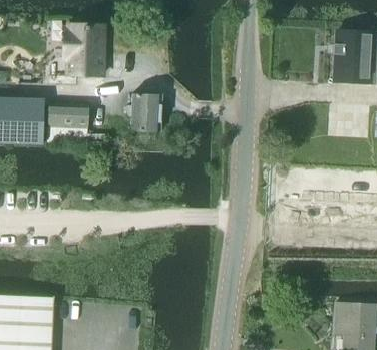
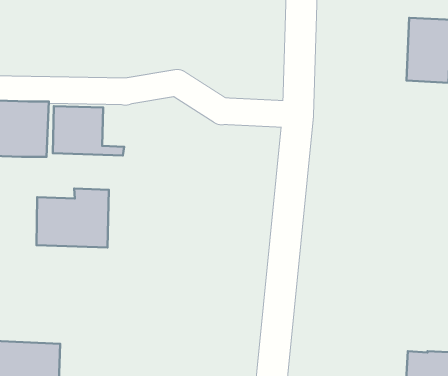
building: [63,24,103,75] -> none
building: [126,94,161,131] -> none
building: none -> [36,189,109,248]

